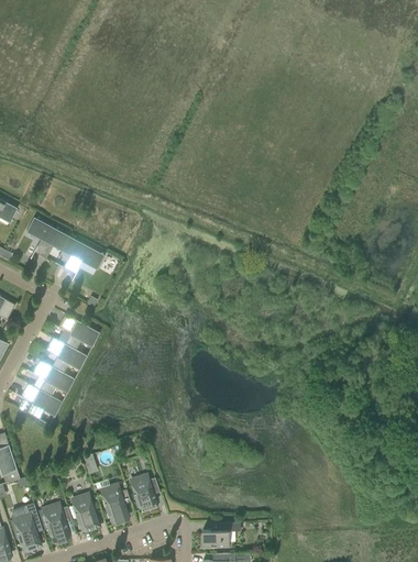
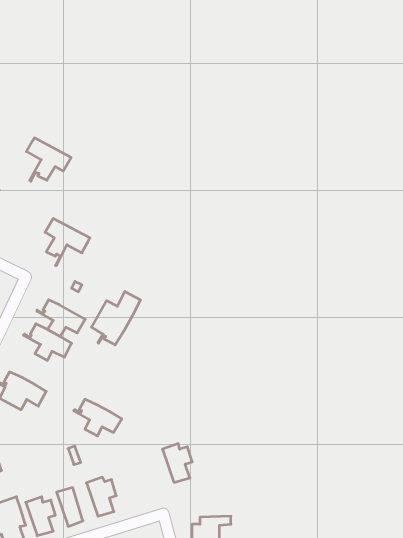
building: [25,217,68,258] -> [26,138,71,181]
building: none -> [91,291,140,345]
building: [27,360,74,395] -> [74,399,122,436]
building: [130,474,158,511] -> [162,444,192,482]

